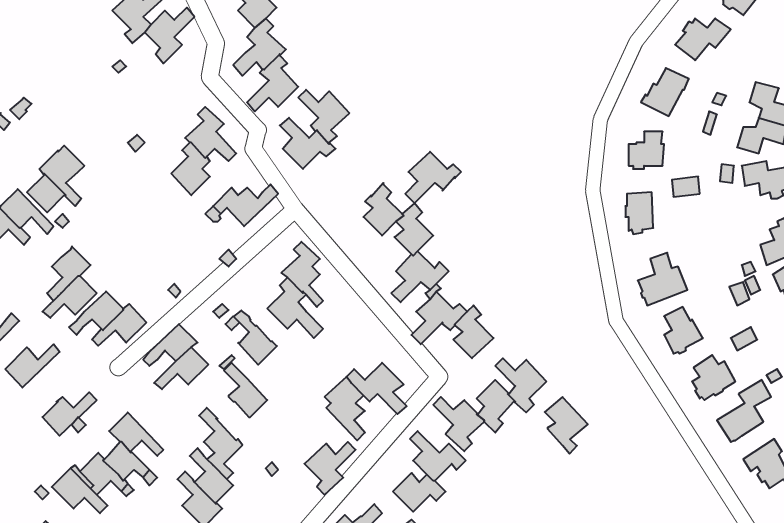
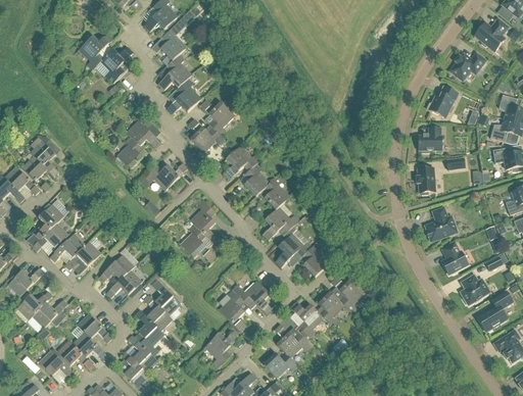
building: [405,152,461,203] -> [224,145,260,179]
building: [234,310,277,365] -> [143,295,172,331]
building: none -> [16,291,51,319]
building: [545,397,588,454] -> none

